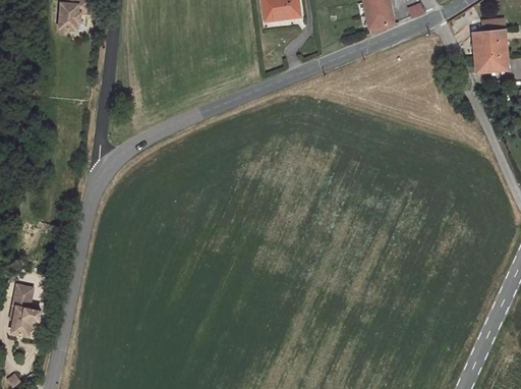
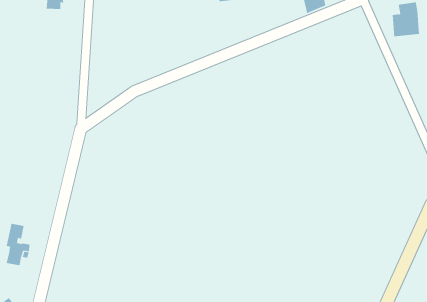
building: [474,58,508,76] -> none

